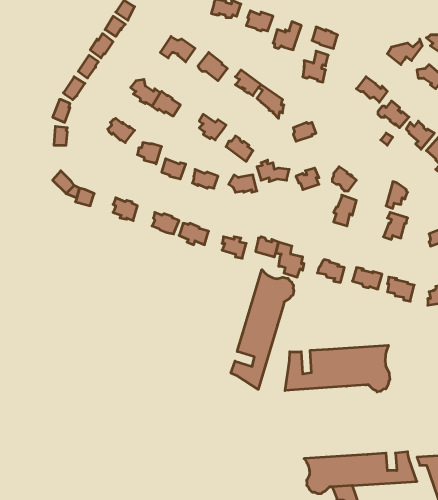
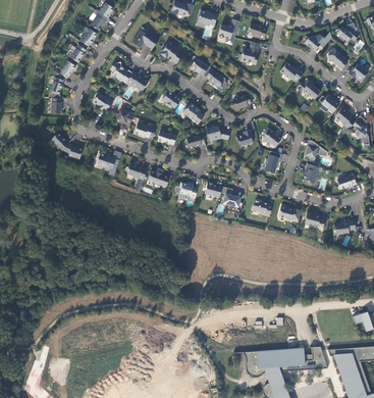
building: [231,270,294,389] -> none
building: [285,345,390,392] -> none

